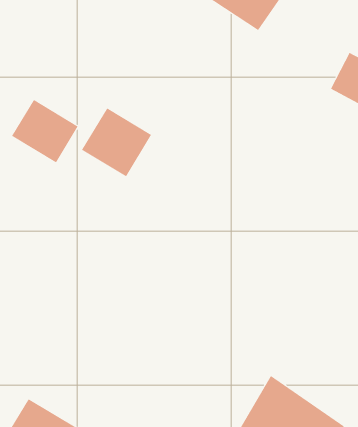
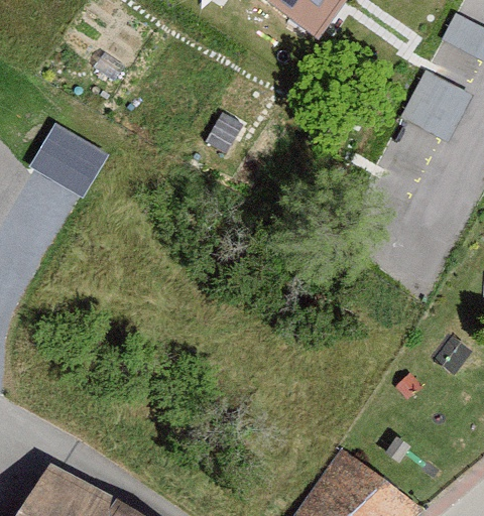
building: [81,108,152,177] -> none

